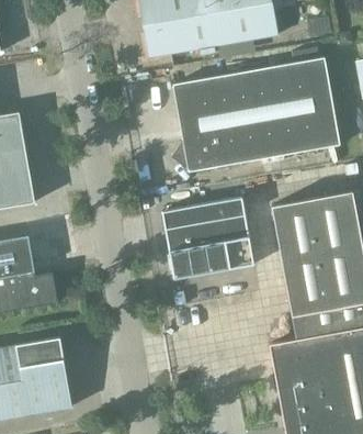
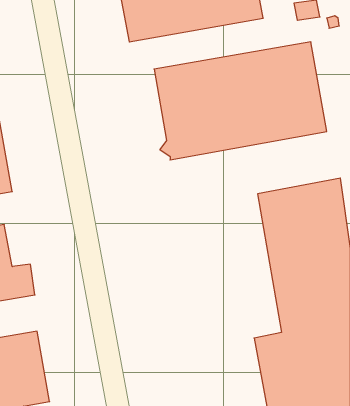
building: [161,198,254,274] -> none

